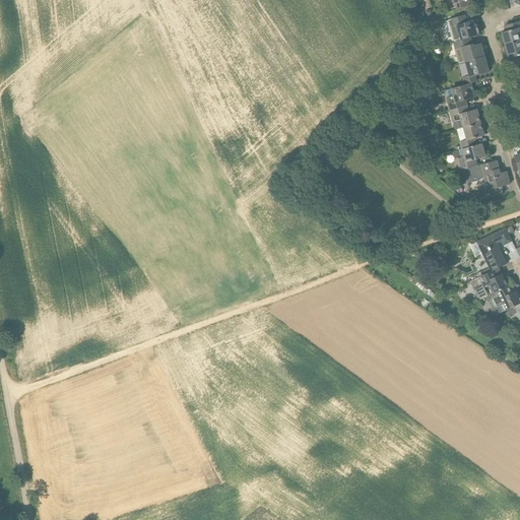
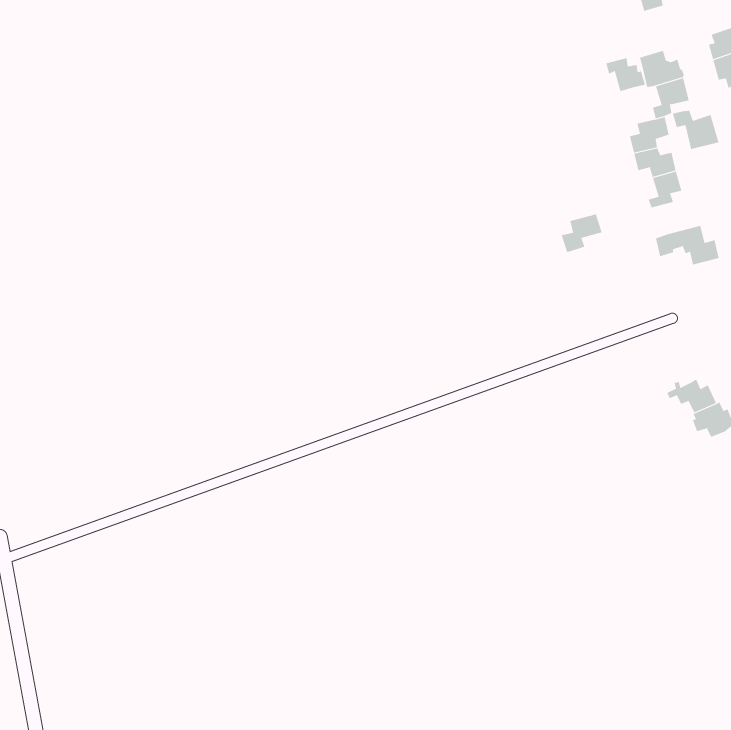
building: [451,14,479,39] -> [606,57,646,92]
building: none -> [672,110,719,150]
building: [457,142,486,170] -> [561,214,602,252]
building: [477,226,513,270] -> none

